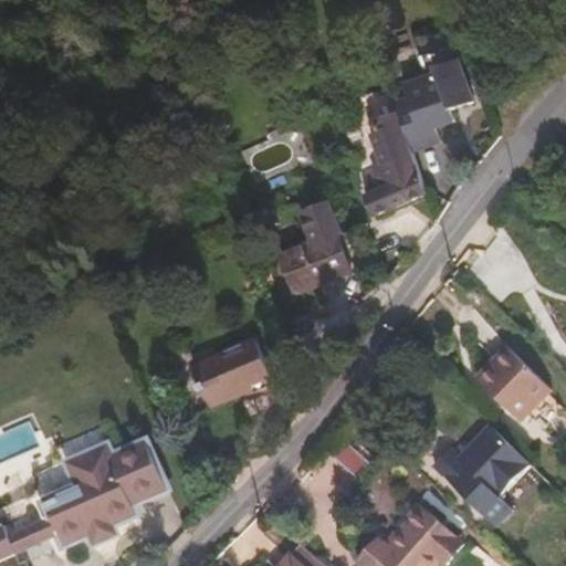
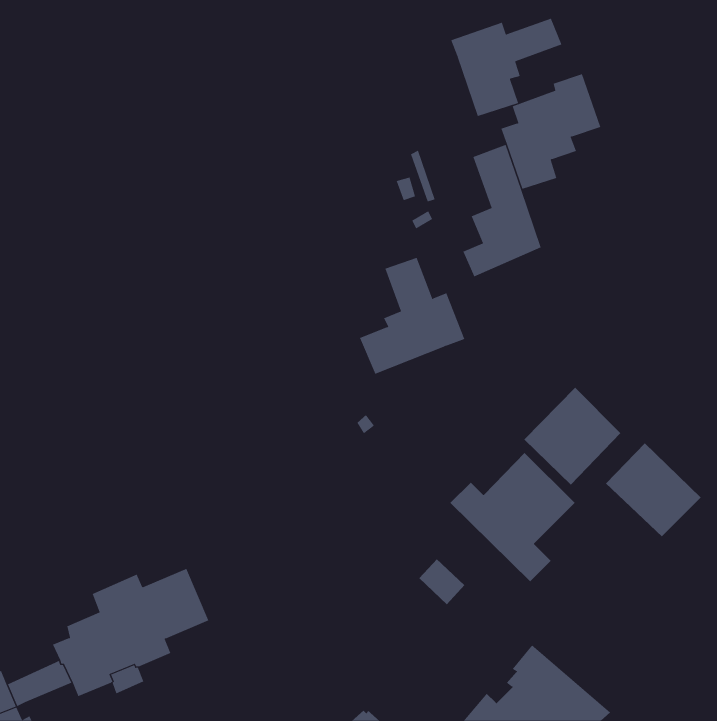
building: none -> [450,18,562,117]
building: none -> [524,387,621,486]
building: [189,338,272,406] -> none
building: [429,422,527,524] -> [450,452,576,582]

